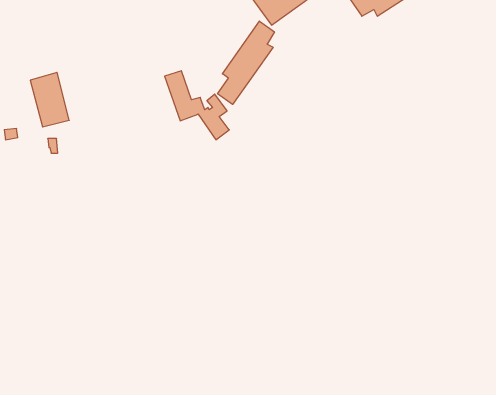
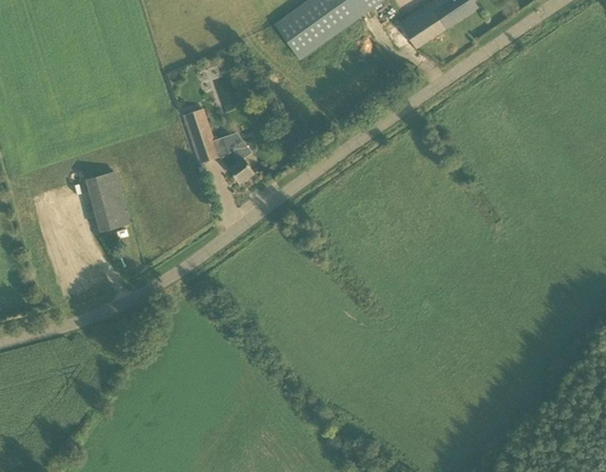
building: [218,21,274,104] -> none
building: [30,72,69,127] -> [86,171,128,231]

